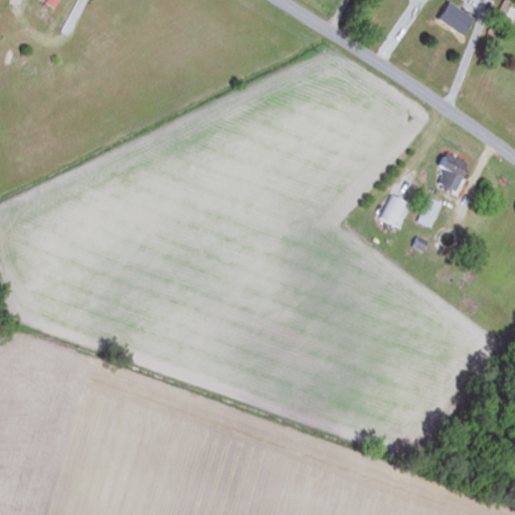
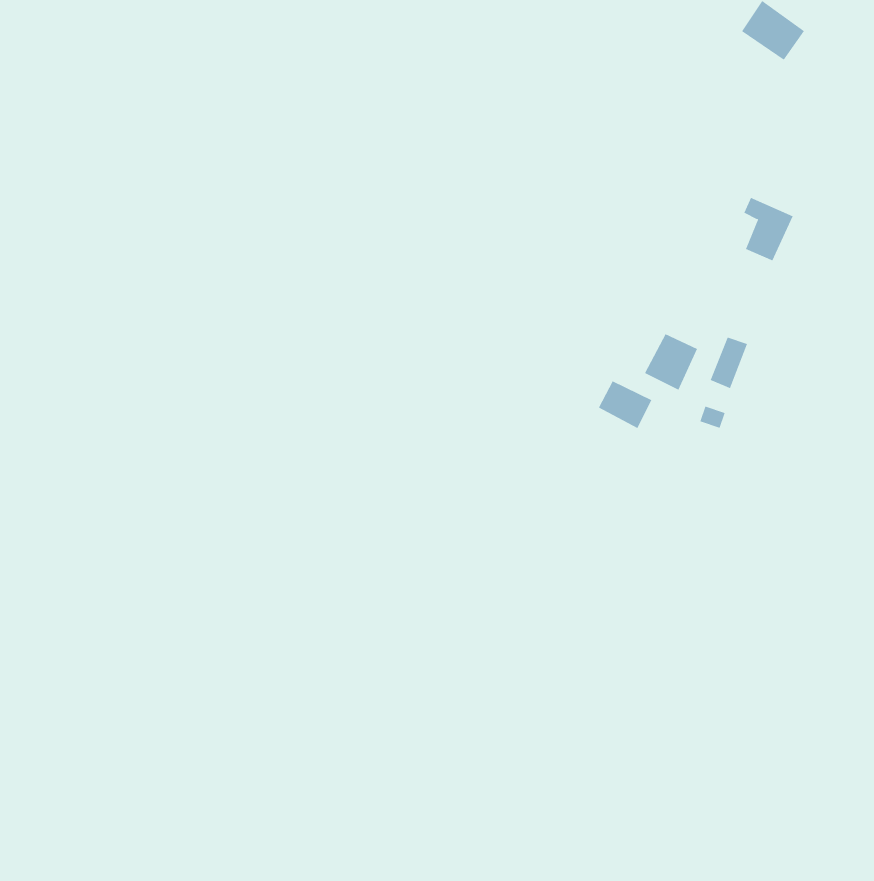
building: [437,155,466,192] -> [743,197,794,261]
building: none -> [598,381,652,429]

